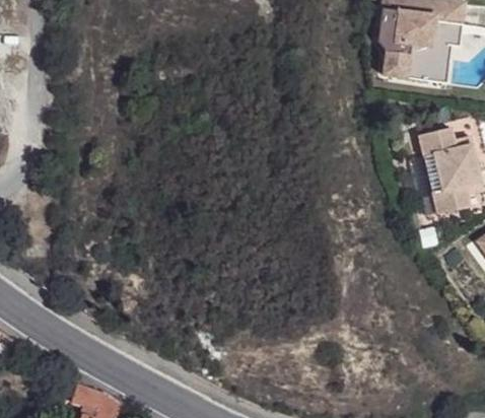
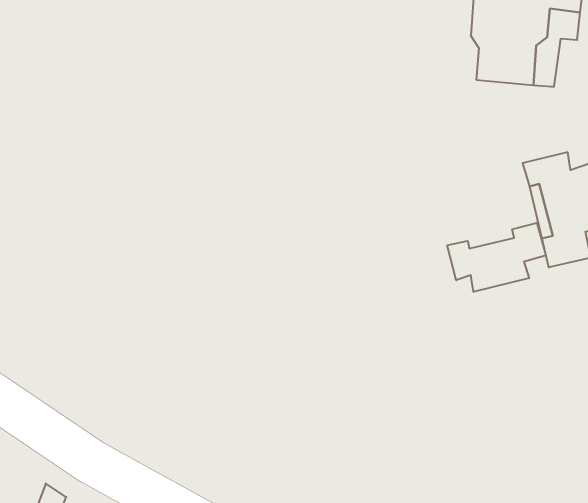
building: none -> [447,223,546,292]

